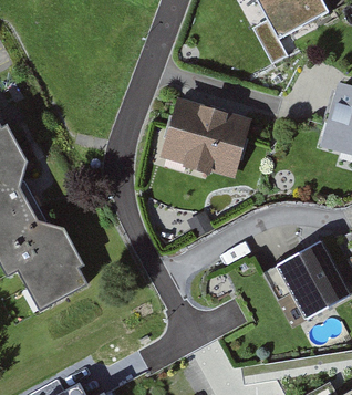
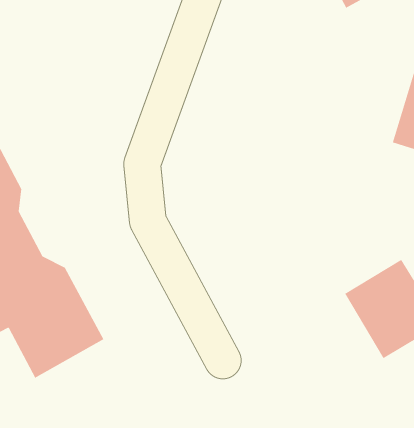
building: [164,91,253,169] -> none

